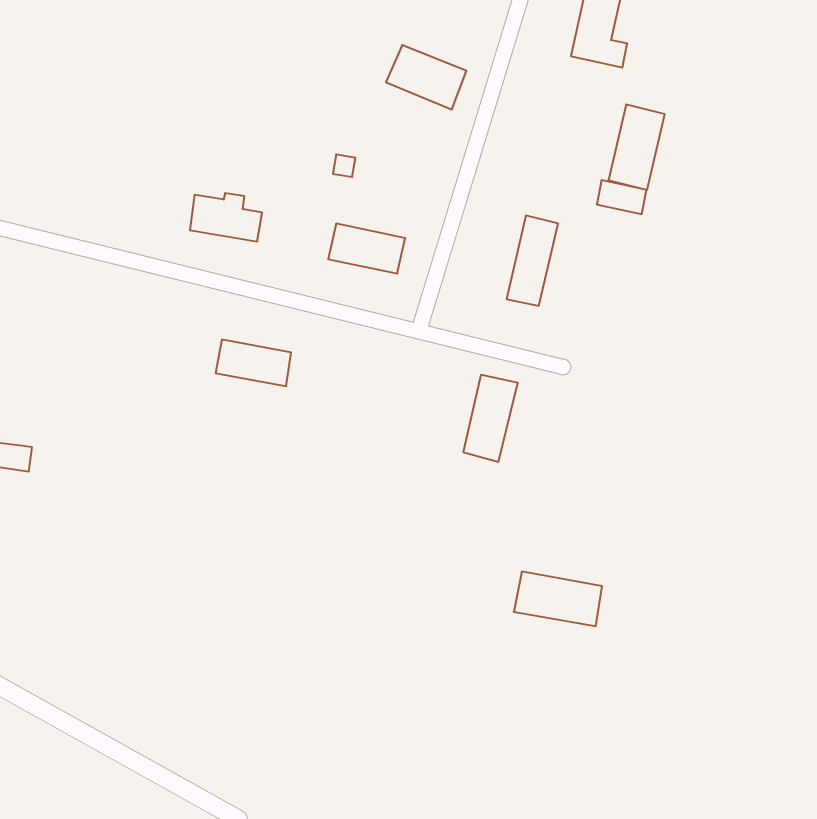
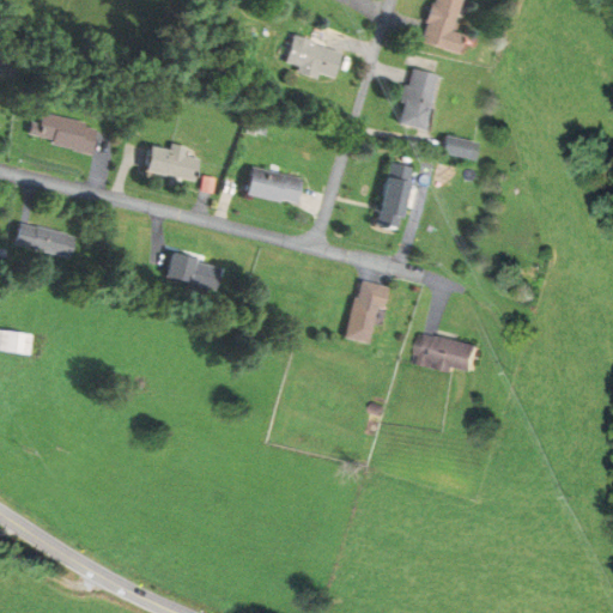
building: [608,104,665,190] -> [401,66,443,129]
building: none -> [19,113,90,152]
building: none -> [7,221,68,256]
building: [514,572,602,626] -> [415,332,481,372]

